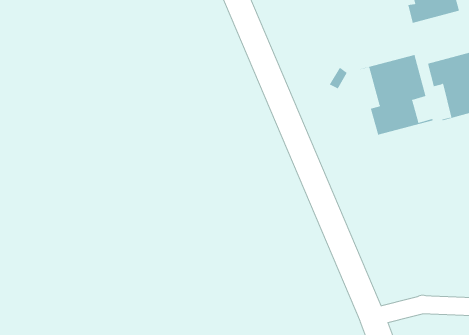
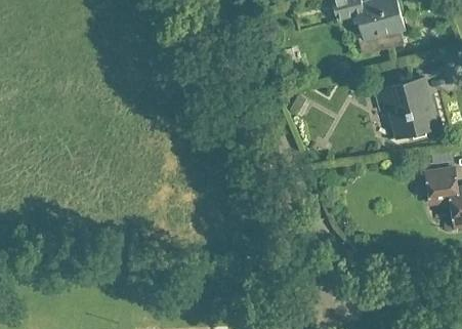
building: [360,54,434,135] -> none

